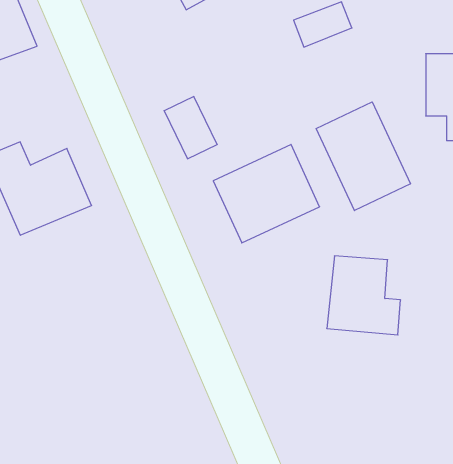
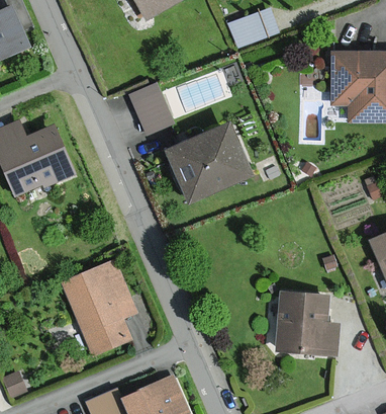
building: [316,102,410,211] -> none
building: [327,256,401,335] -> [279,293,336,354]
building: none -> [63,261,133,354]

